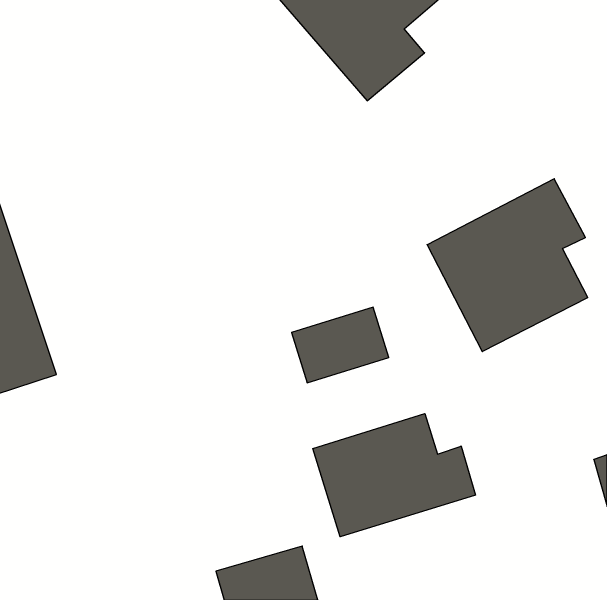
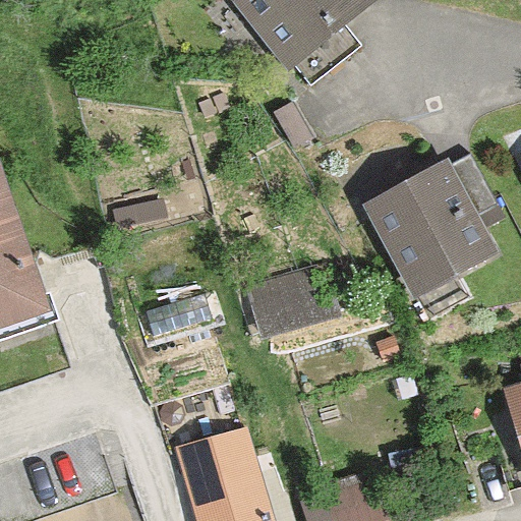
building: [313,414,475,537] -> none

